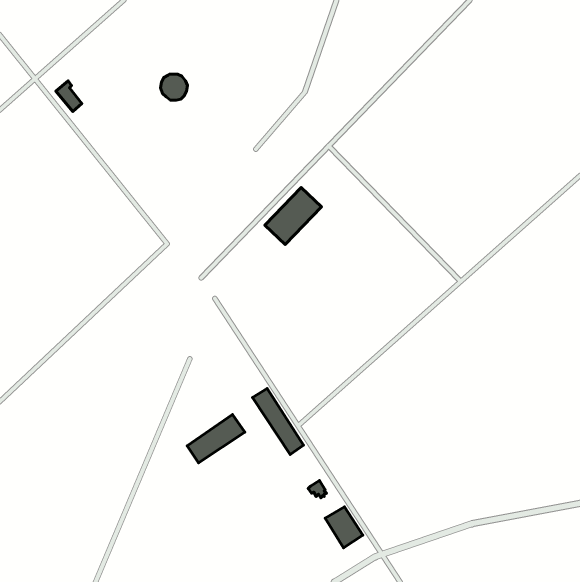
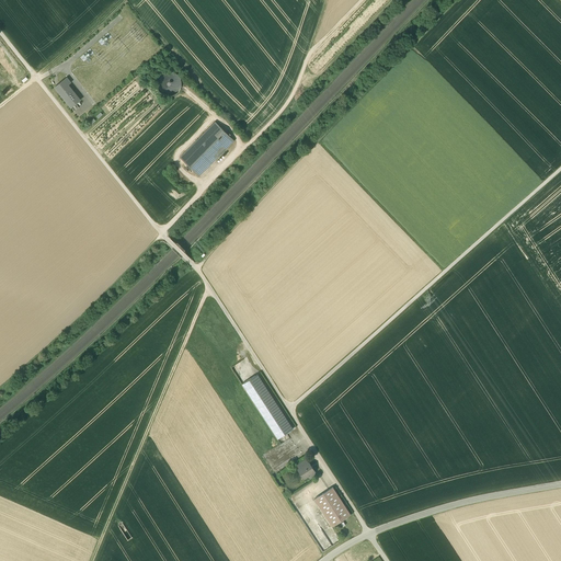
building: [265,188,322,245] -> [179,122,233,176]
building: [187,414,245,463] -> none

